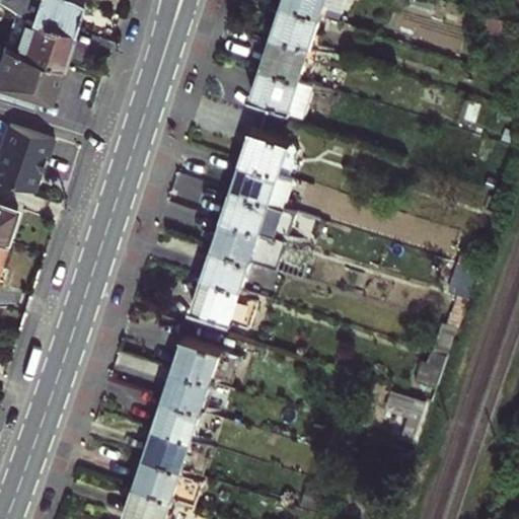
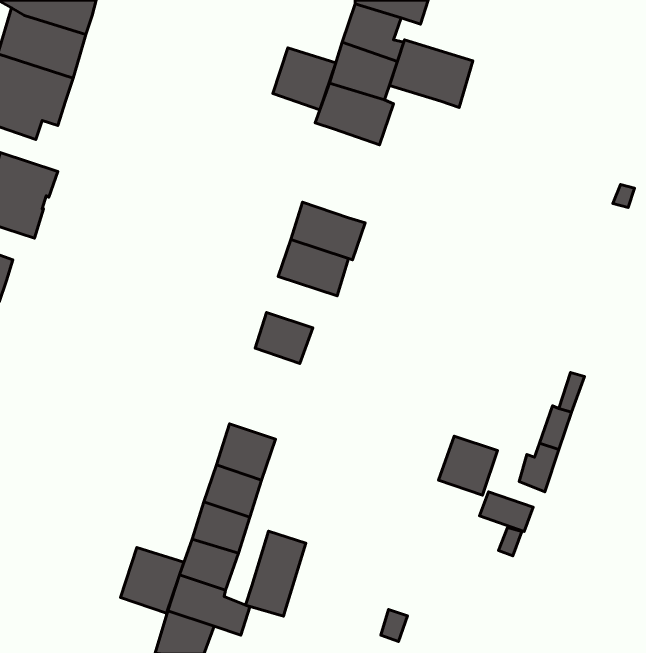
building: none -> [390,40,473,107]
building: none -> [273,48,336,110]
building: [239,129,286,173] -> none
building: [211,220,287,270] -> none
building: [191,277,253,328] -> none
building: none -> [438,436,497,495]
building: none -> [246,531,306,616]
building: none -> [121,547,184,613]

